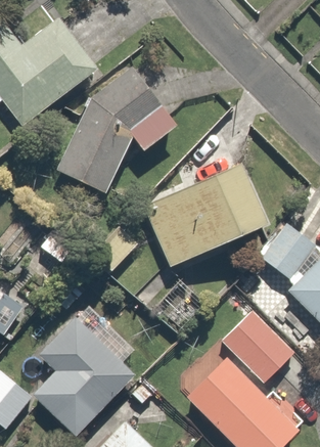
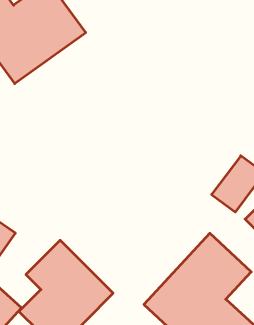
building: [54,71,175,194] -> none
building: [147,165,265,263] -> none

